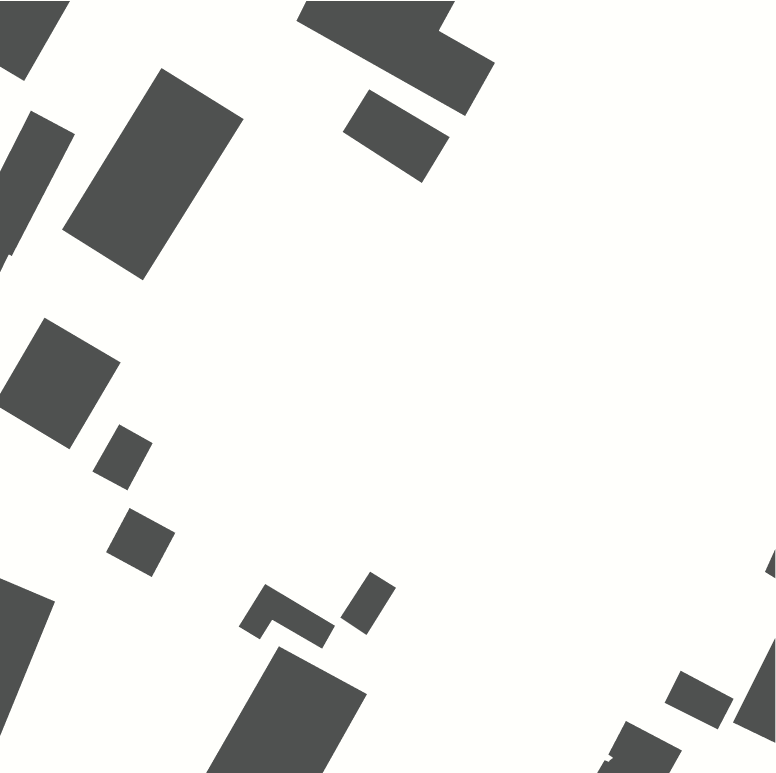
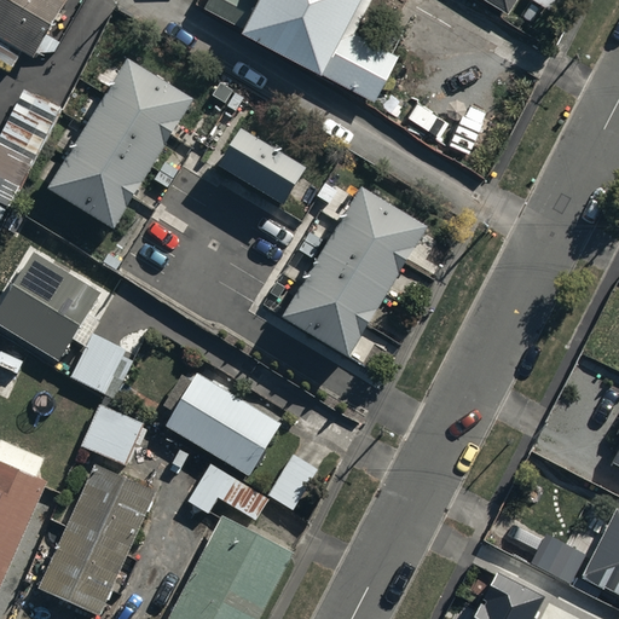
building: [341,88,451,184] -> [219,127,306,203]
building: none -> [283,184,427,353]
building: none -> [170,380,276,473]
building: none -> [35,462,157,611]

